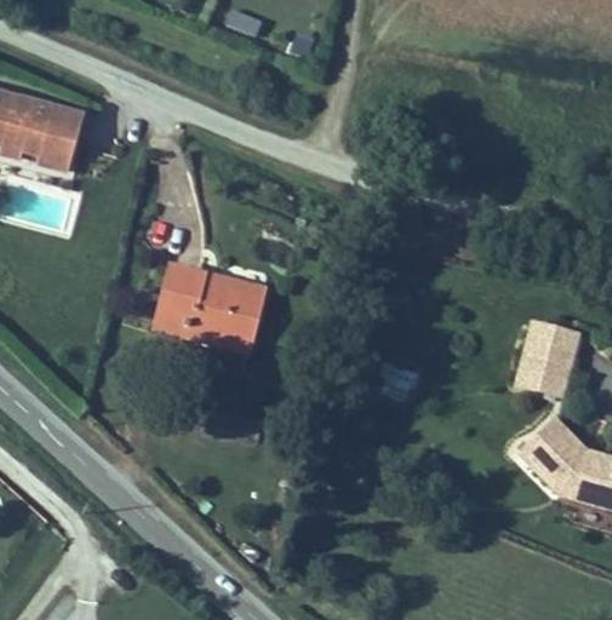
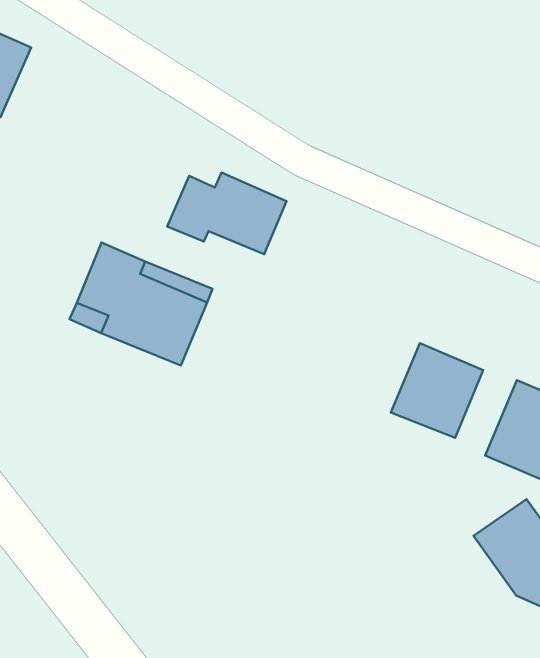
building: none -> [167,172,287,254]
building: none -> [391,343,483,438]

